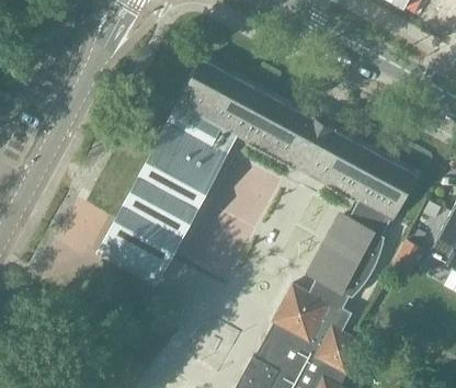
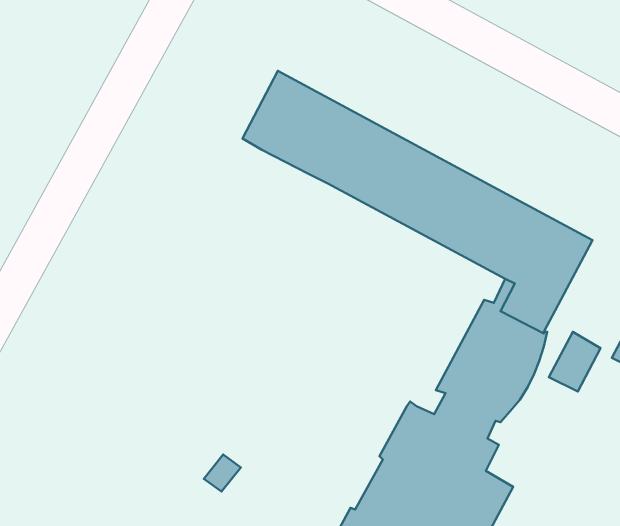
building: [99,105,236,283] -> none

